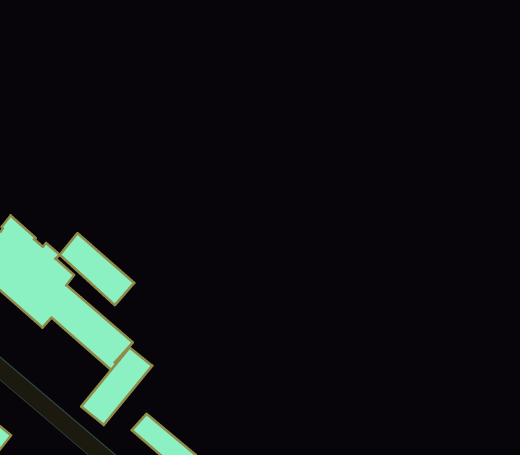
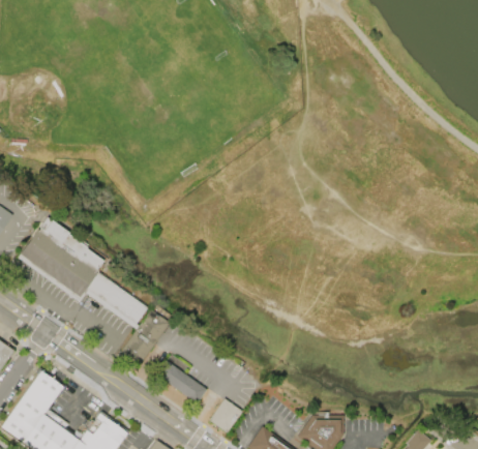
building: [60,233,134,305] -> none

